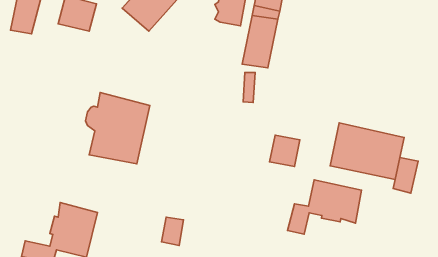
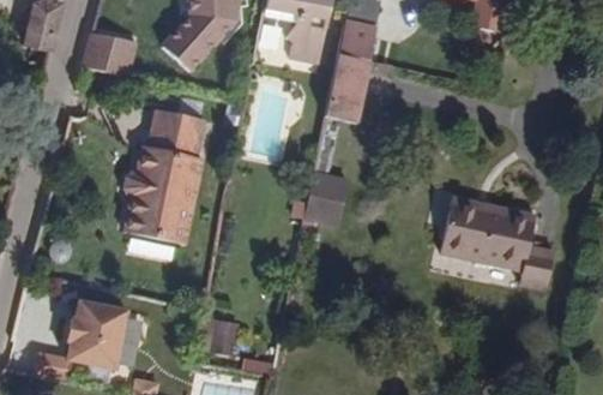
building: none -> [137,107,204,172]
building: [270,135,300,166] -> [302,178,342,219]
building: [288,180,362,234] -> none

